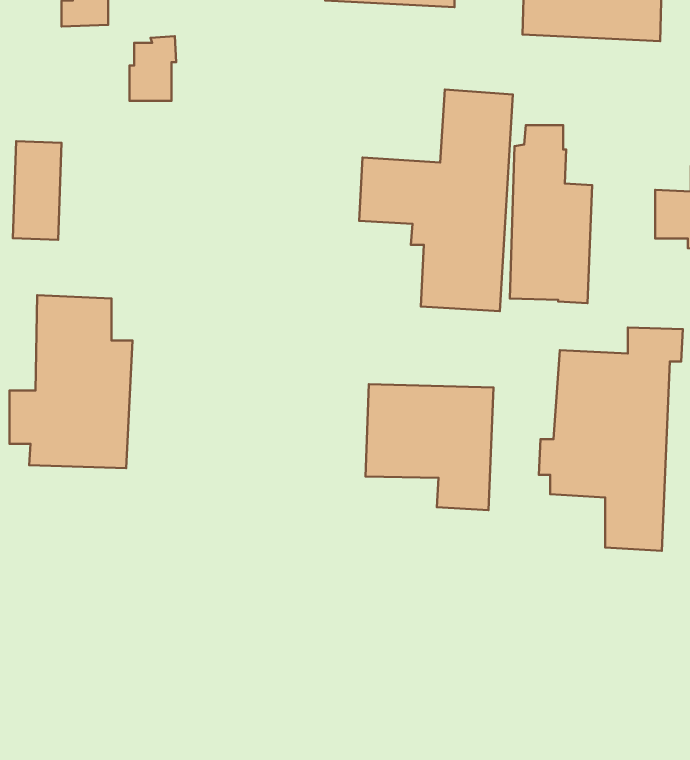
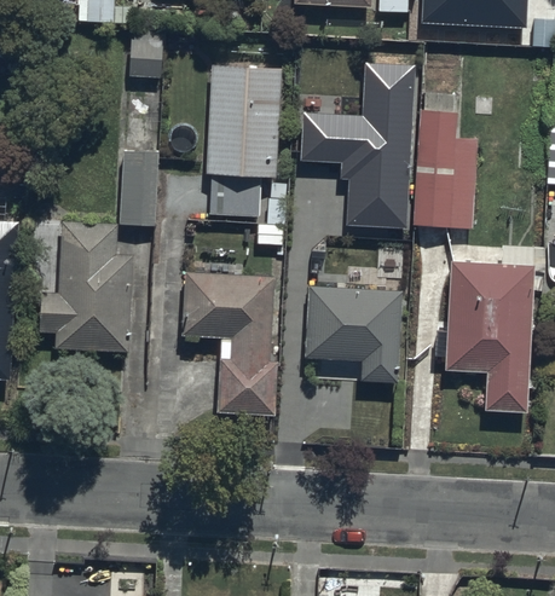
building: none -> [206,63,283,216]
building: [13,141,61,240] -> [121,151,157,225]
building: none -> [181,272,276,415]

